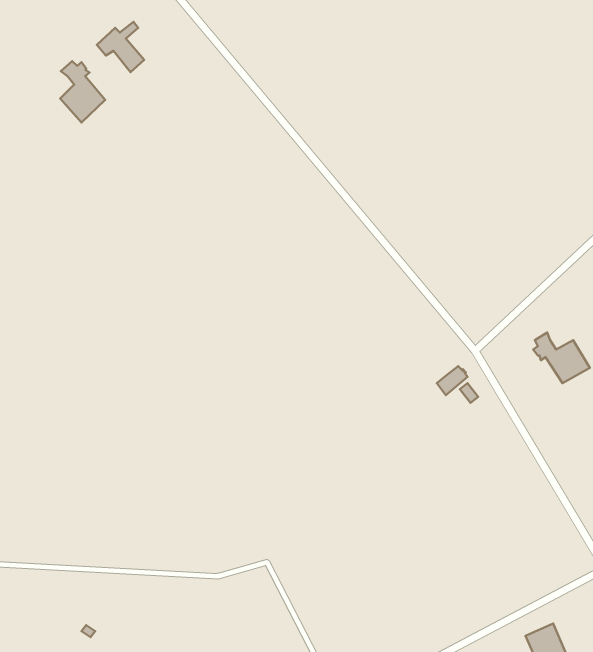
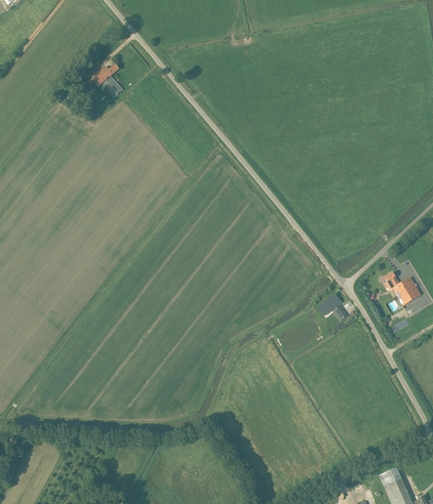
building: [60,61,105,123] -> none

